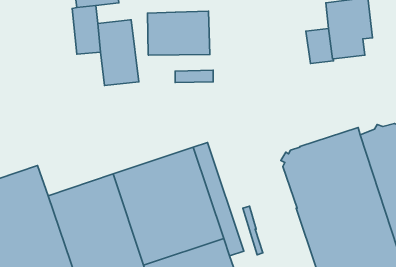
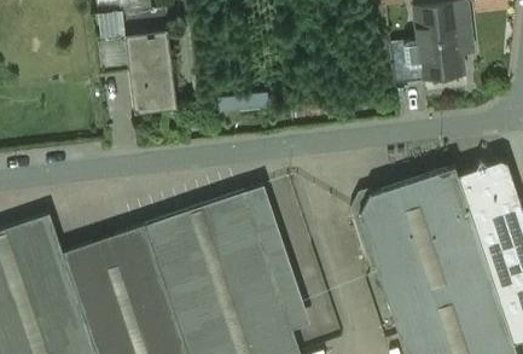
building: [147,11,210,55] -> none

